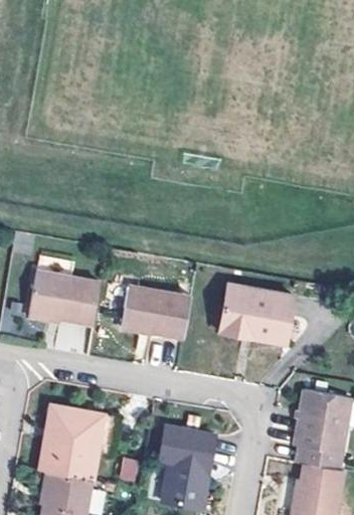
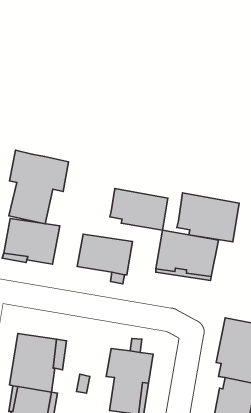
building: none -> [9,150,69,224]
building: none -> [110,188,168,230]
building: none -> [177,193,239,242]

